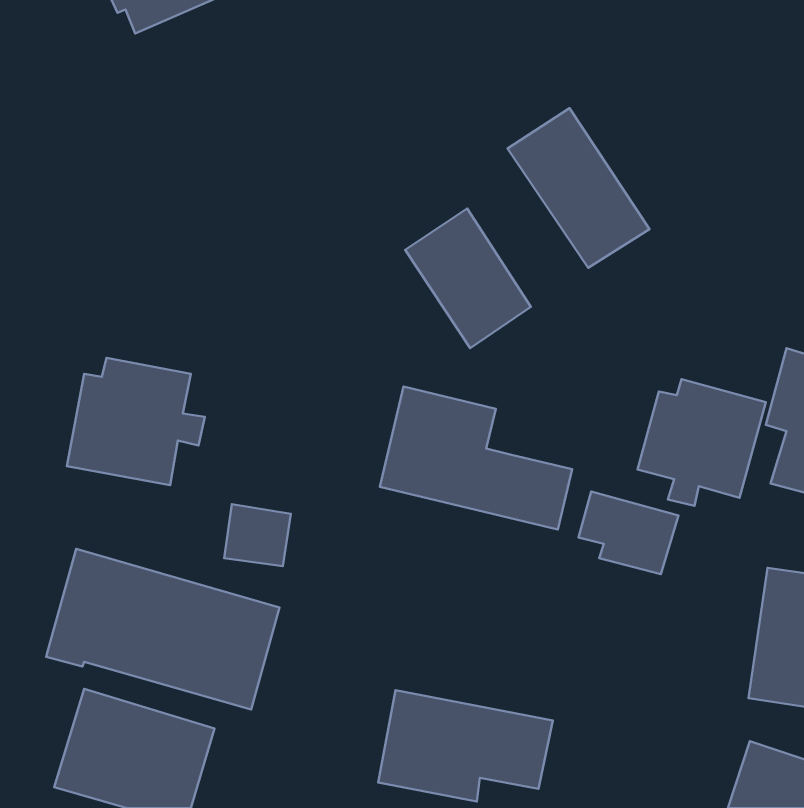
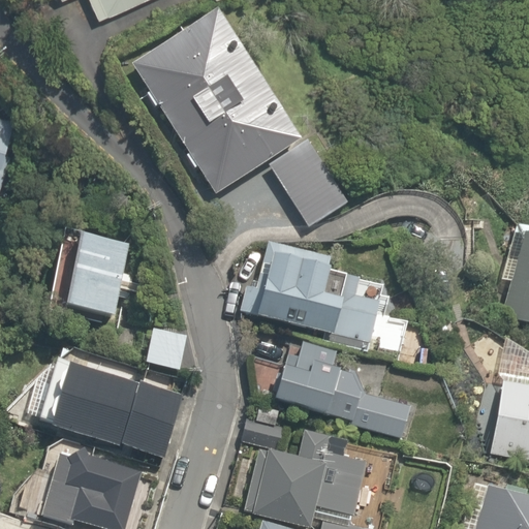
building: none -> [131,4,301,191]
building: [508,108,649,268] -> none
building: [638,379,766,506] -> none
building: none -> [272,350,409,437]

